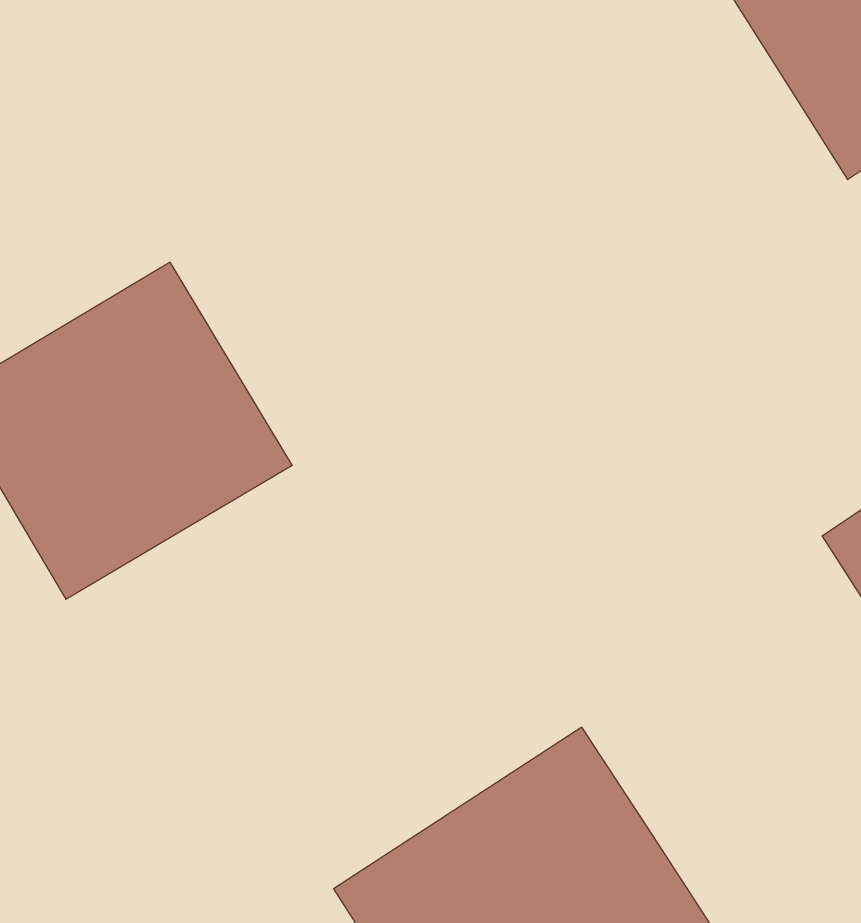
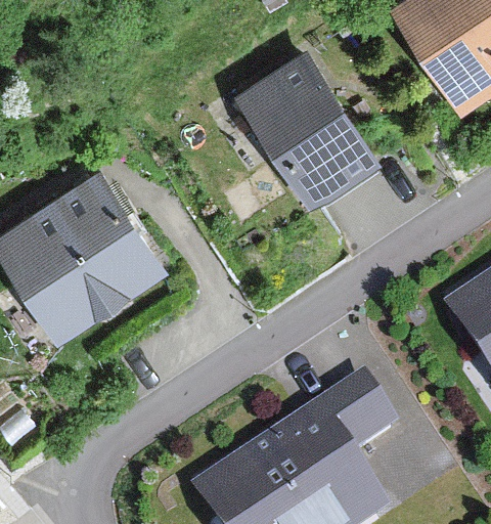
building: none -> [232,46,377,206]
building: none -> [319,376,402,463]

